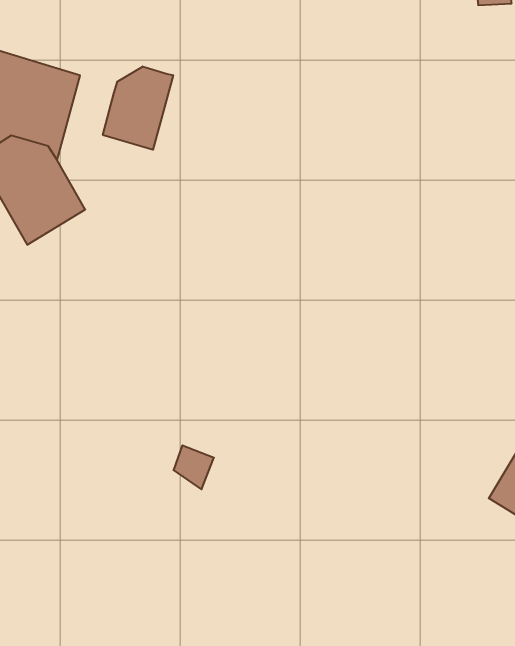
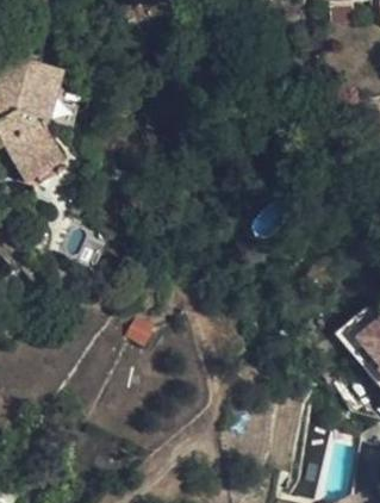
building: [103,66,173,150] -> none

